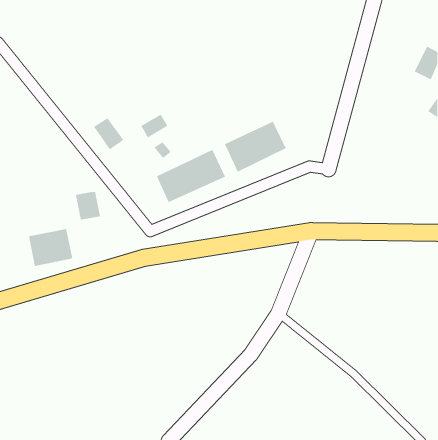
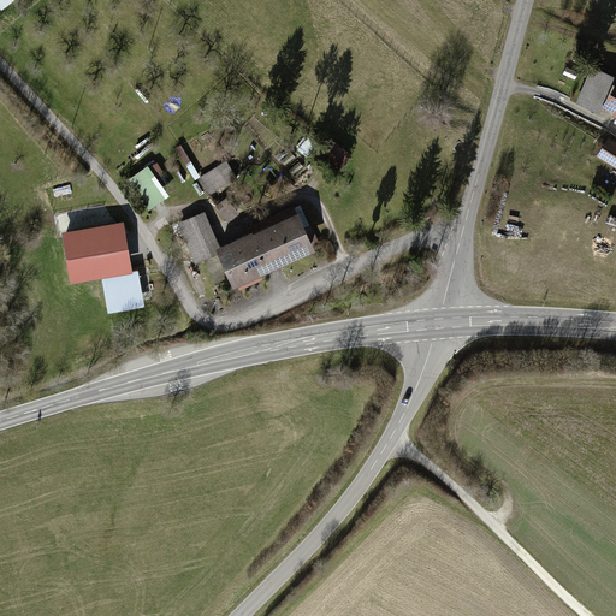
building: [224,121,286,173] -> none
building: none -> [176,213,220,265]
building: [28,228,73,266] -> [66,226,129,279]

